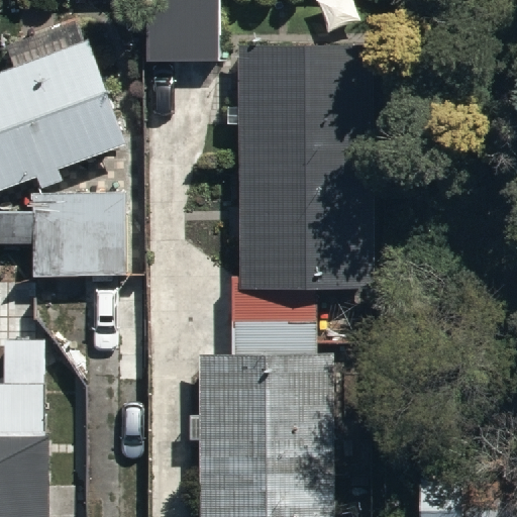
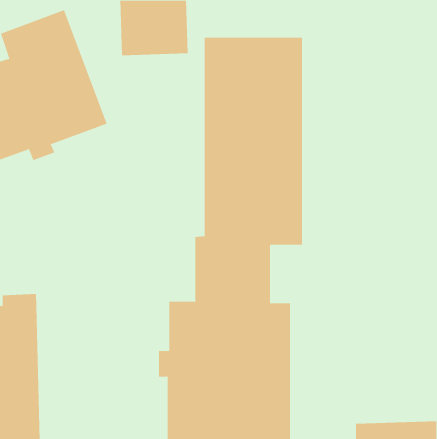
building: [29,191,126,282] -> none

